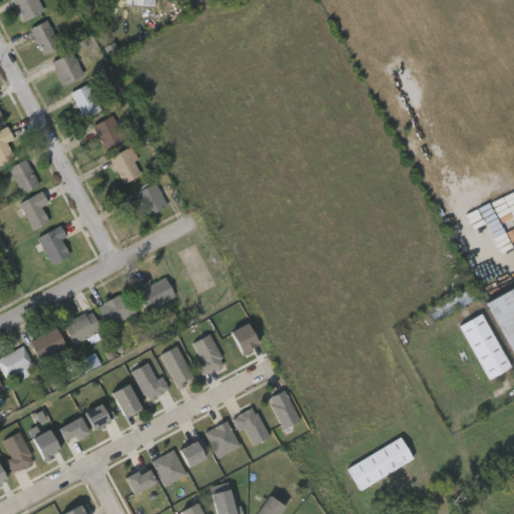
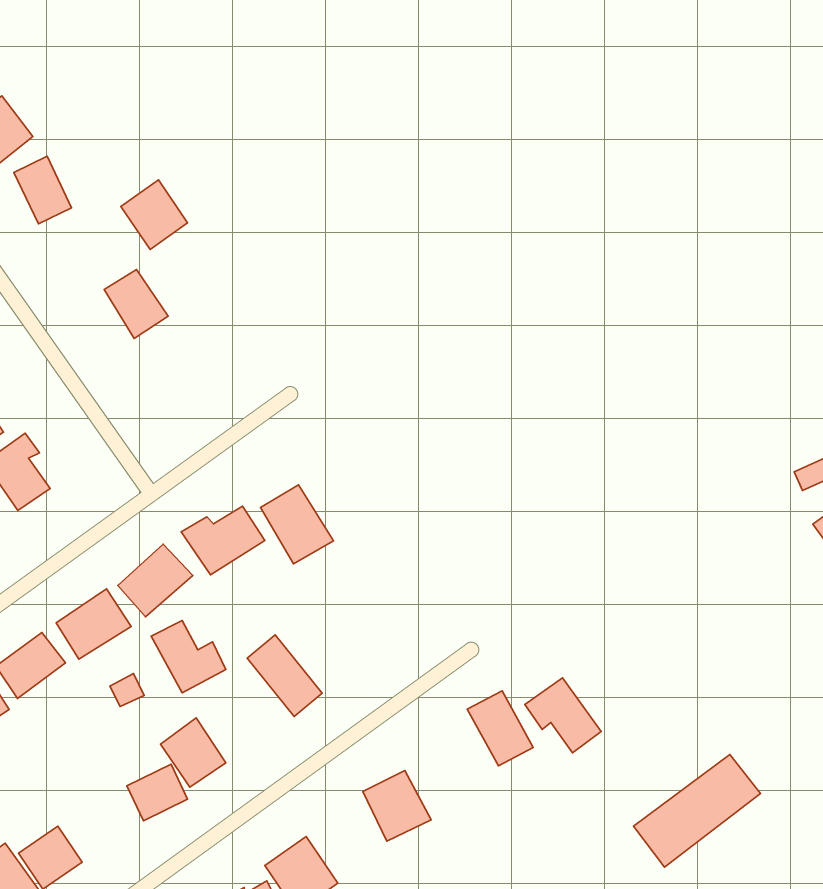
building: [92,114,125,150] -> [121,180,188,250]
building: [136,186,164,212] -> none
building: [226,321,258,353] -> none
building: [190,333,225,373] -> [261,485,334,564]
building: [136,365,172,403] -> [151,620,226,693]
building: [235,409,272,448] -> [525,678,601,753]
building: [61,420,91,443] -> none
building: [183,442,212,469] -> none

